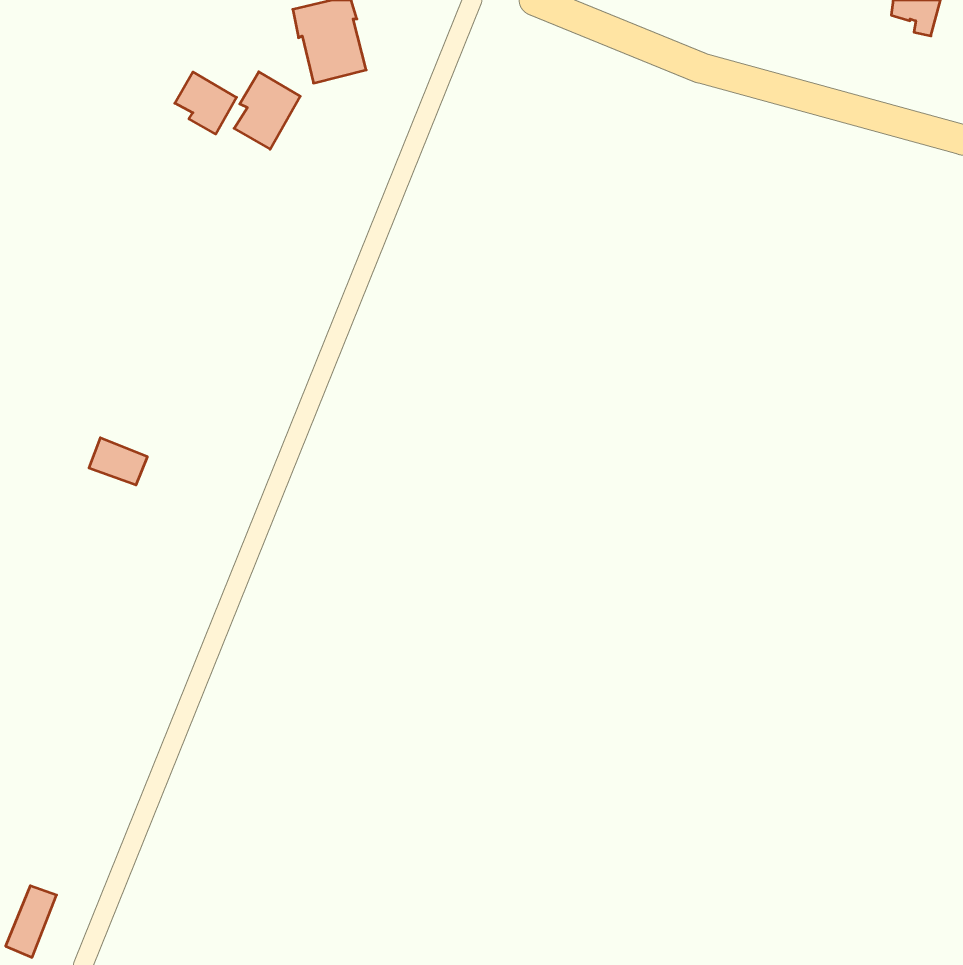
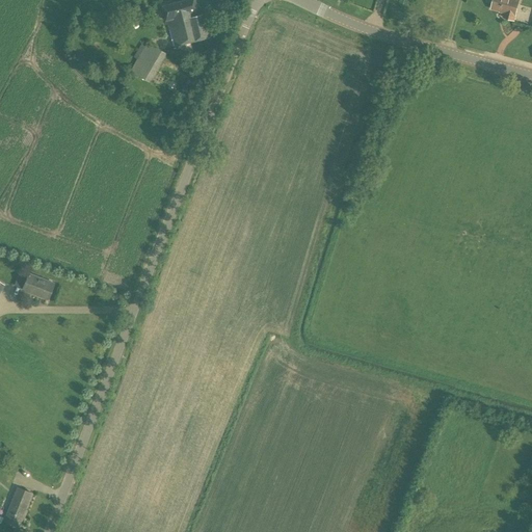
building: [175,72,237,134] -> none
building: [89,438,147,485] -> [21,273,53,299]

